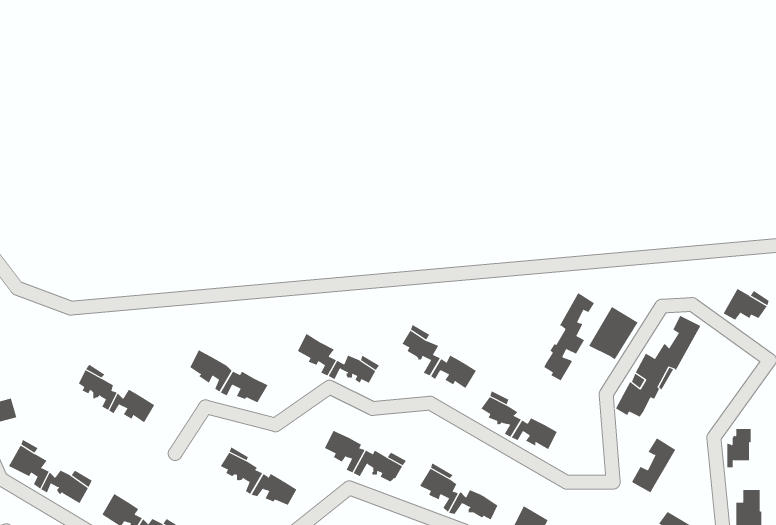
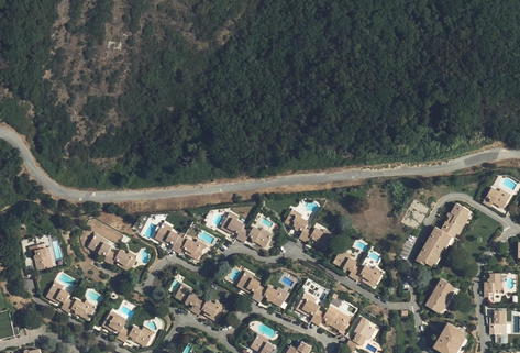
building: [544,292,595,381] -> none

